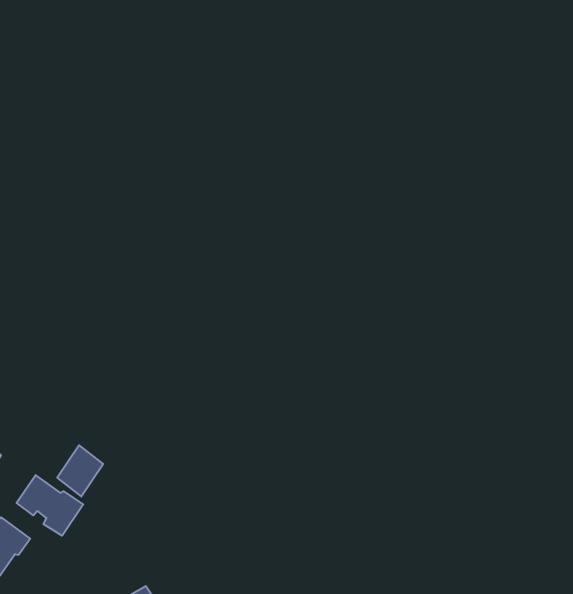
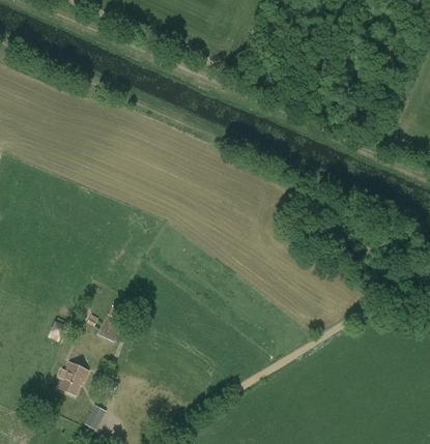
building: [17,475,83,536] -> none

